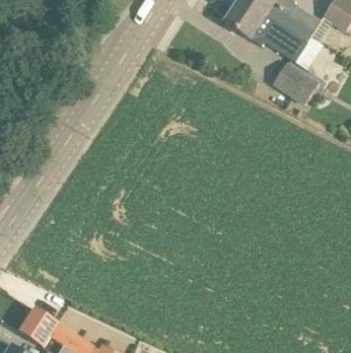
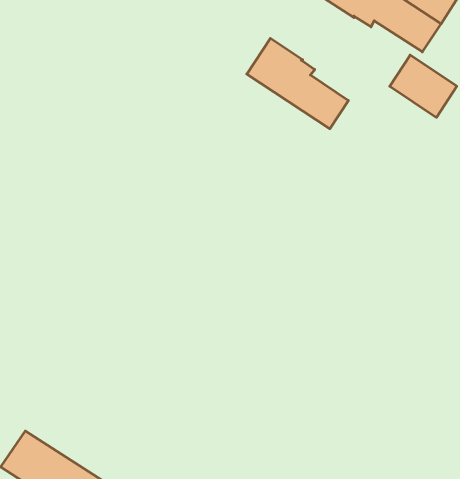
building: none -> [247,38,348,129]

